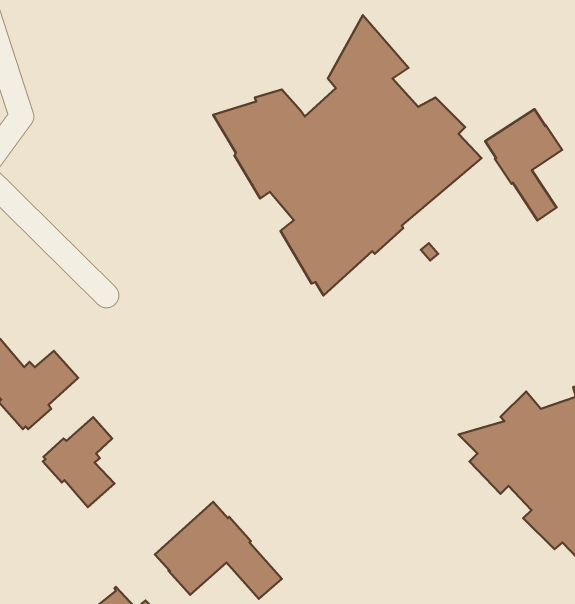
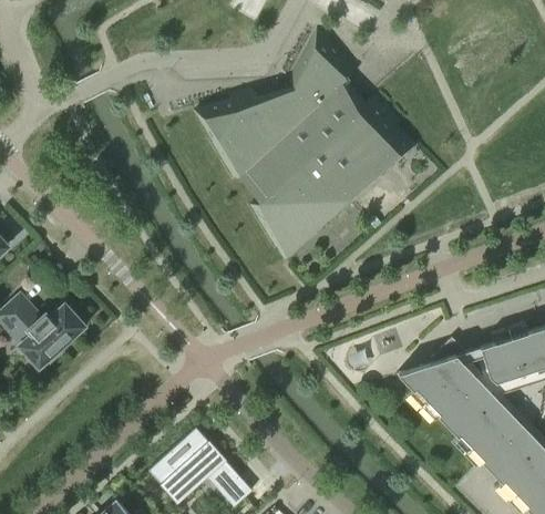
building: [485,109,562,220] -> none
building: [43,417,115,507] -> none

